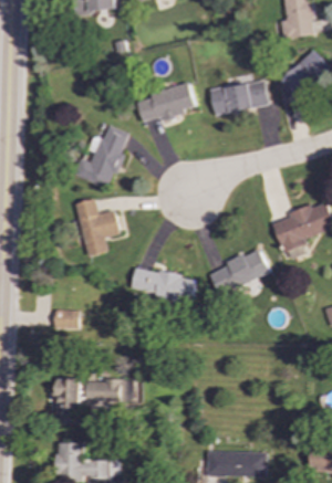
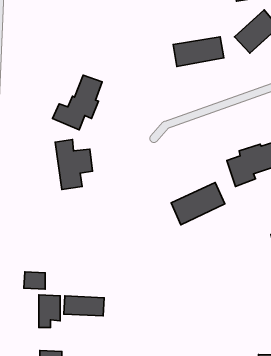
building: [135,84,196,119] -> none
building: [129,266,195,307] -> none
building: [53,308,77,328] -> [24,272,45,289]

